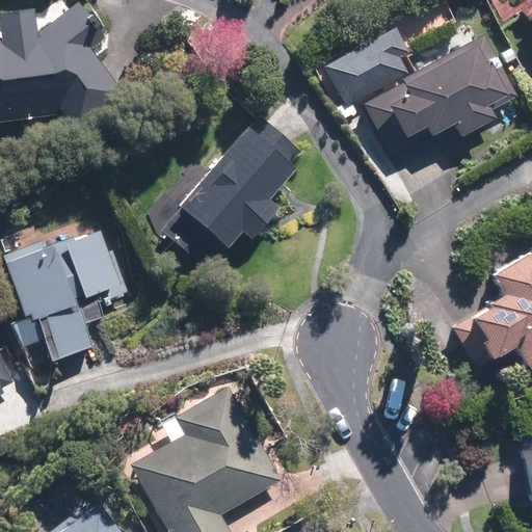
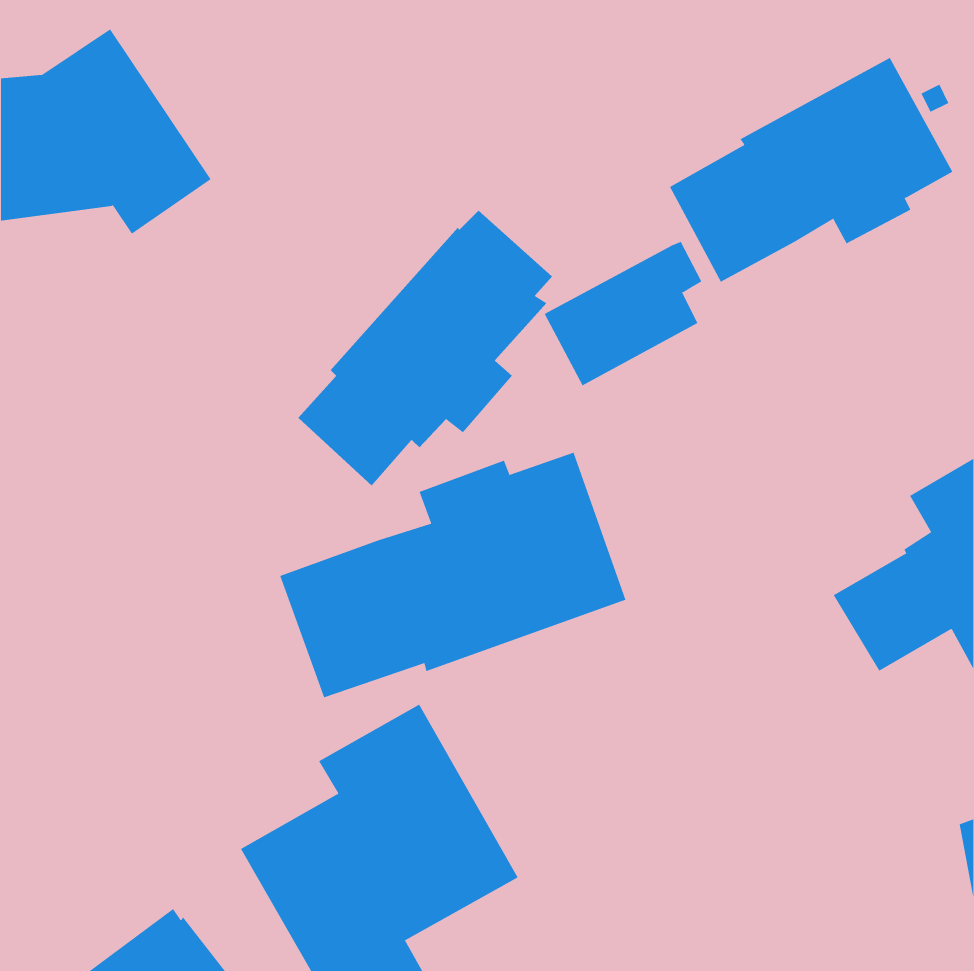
building: [317,31,403,110] -> [544,241,702,386]
building: [4,229,125,361] -> none
building: none -> [279,452,626,698]

